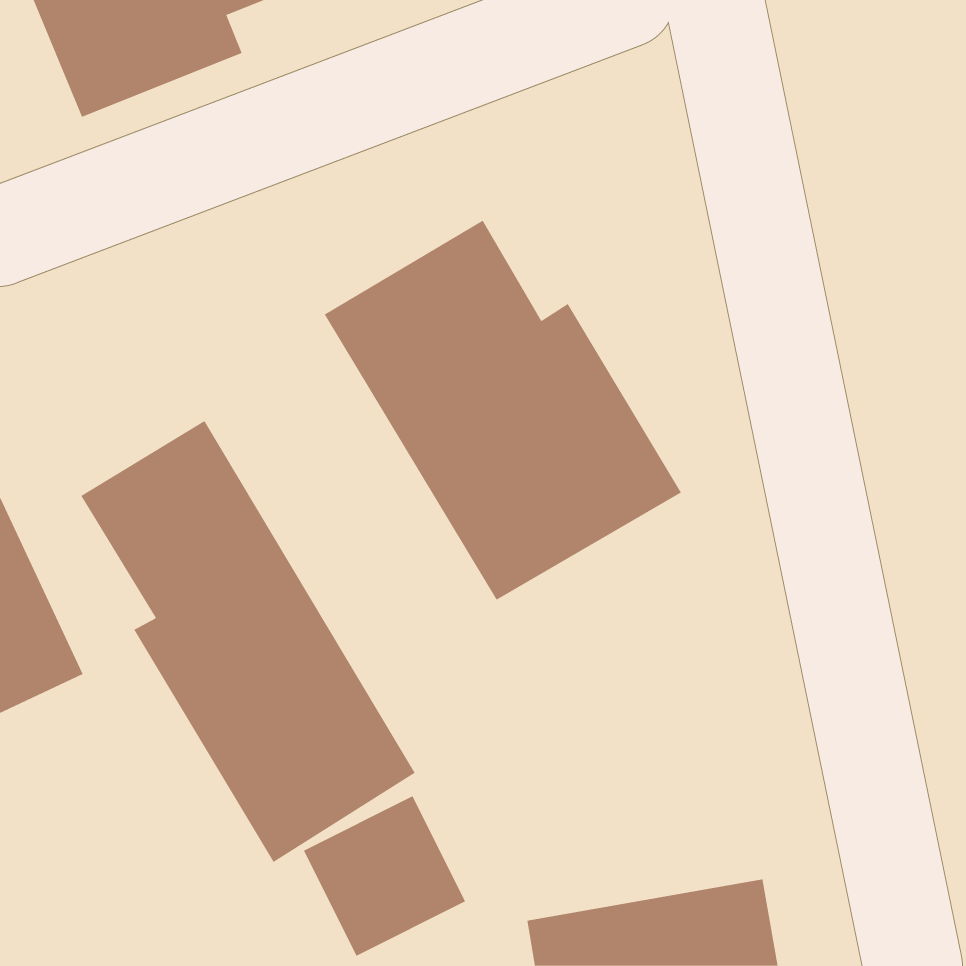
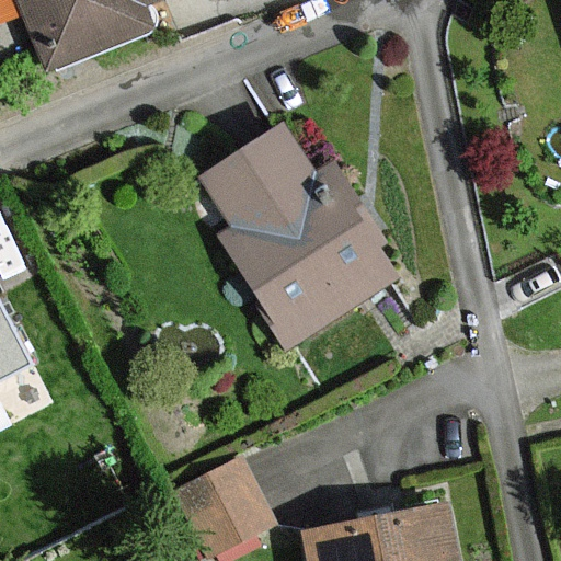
building: [81,420,416,863] -> none

